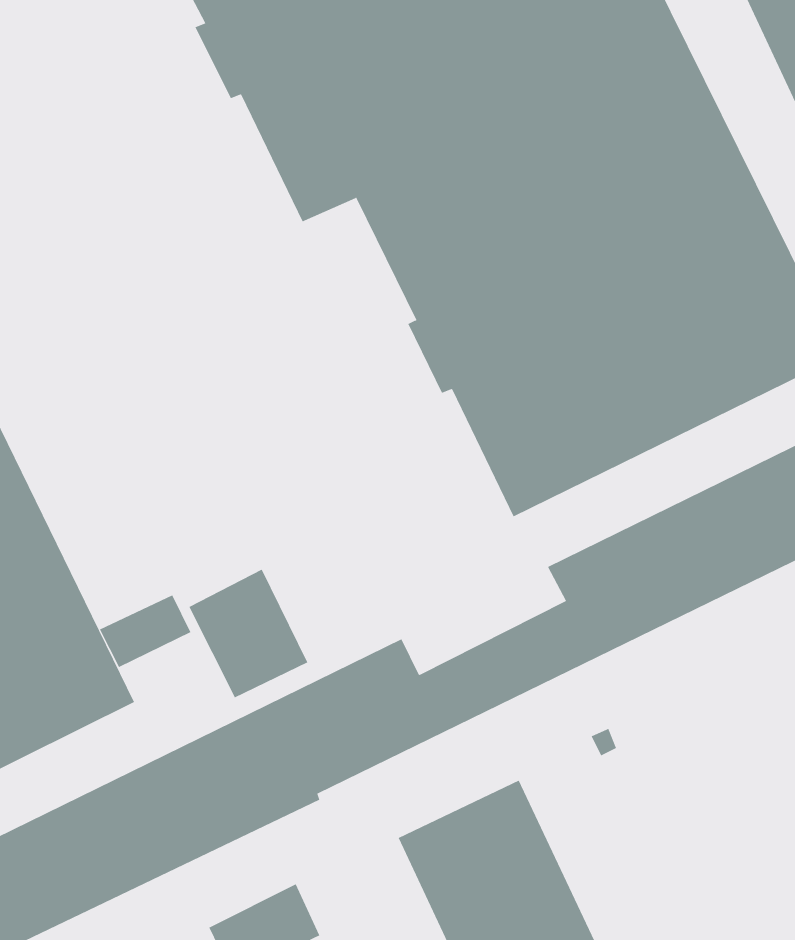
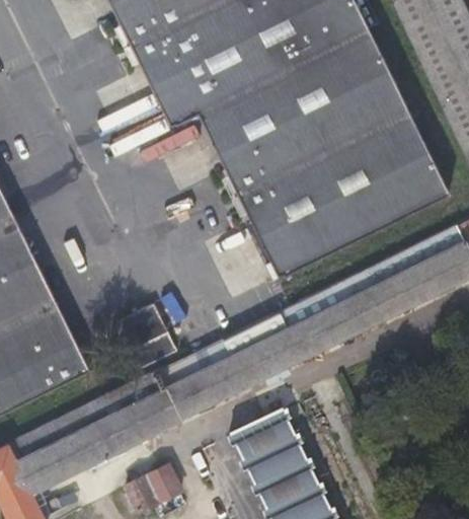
building: [99,595,191,668] -> none

